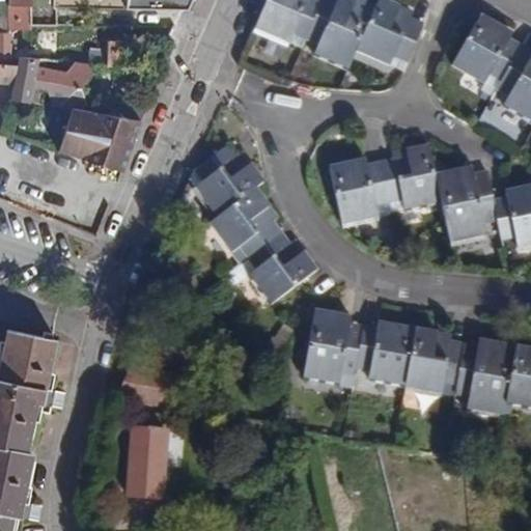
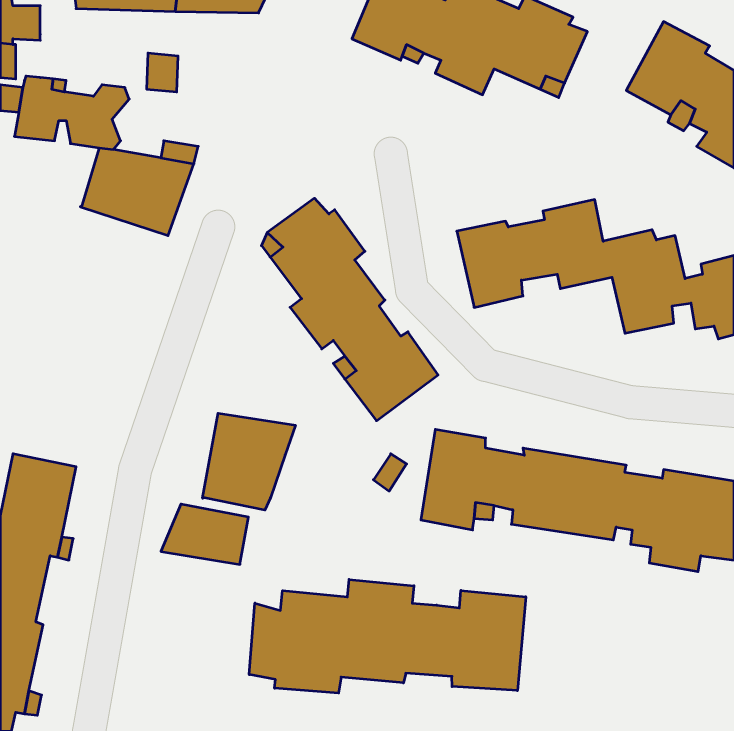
building: none -> [203,413,295,510]
building: none -> [249,579,526,693]
building: [128,427,168,499] -> none

